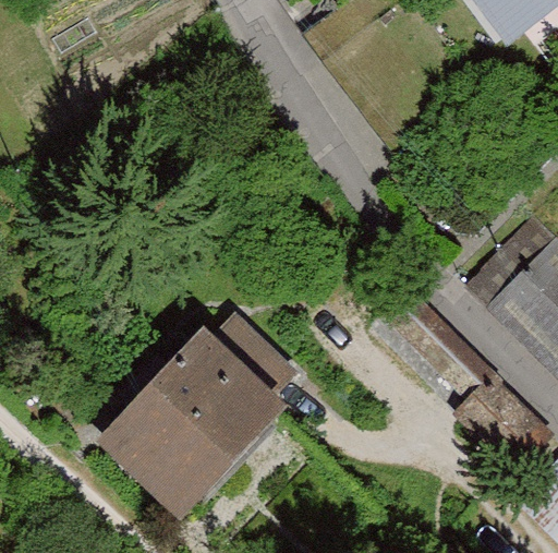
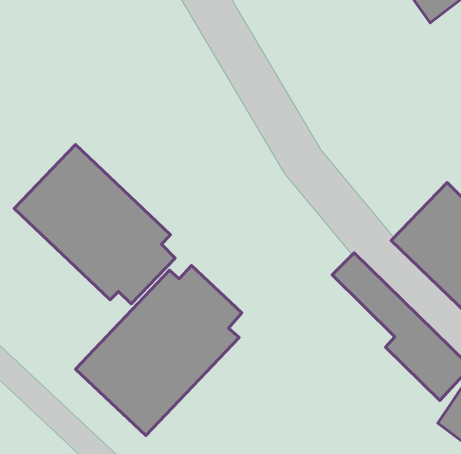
building: none -> [14,144,175,304]

